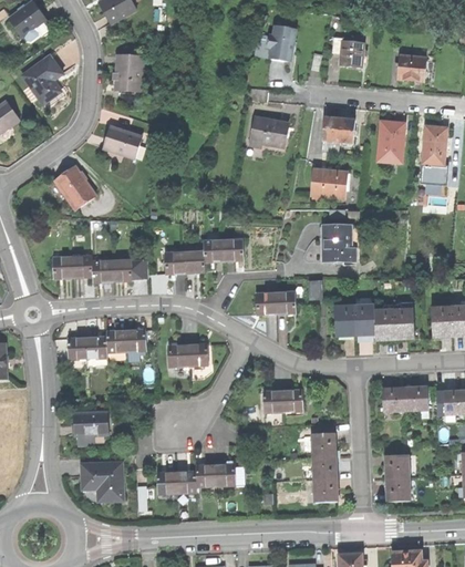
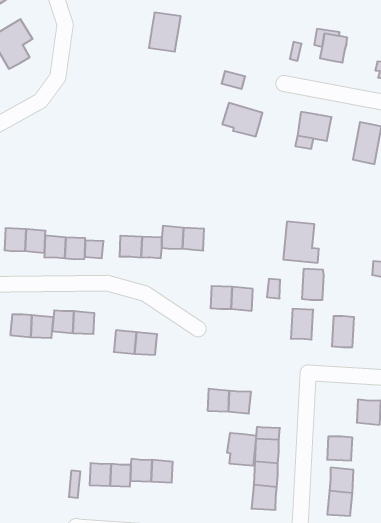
building: [255,25,296,61] -> none
building: [115,54,143,90] -> [149,13,181,52]
building: [103,125,142,157] -> none
building: [54,166,95,208] -> none
building: [311,168,348,196] -> none
building: [355,305,376,334] -> [302,269,324,300]
building: [395,308,415,338] -> none
building: [383,388,407,411] -> [327,436,352,461]
building: [73,410,107,434] -> none
building: none -> [227,433,256,466]
building: [81,461,122,499] -> none

